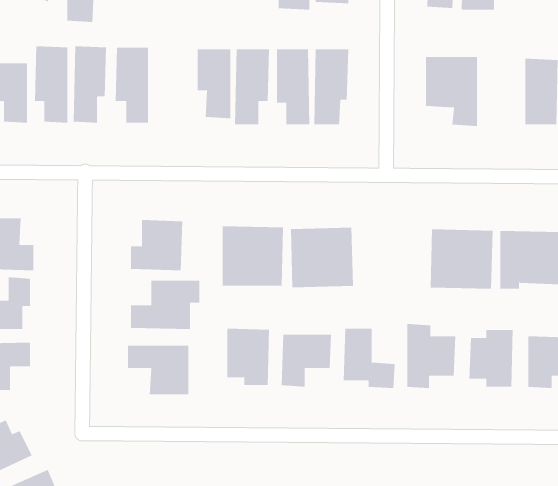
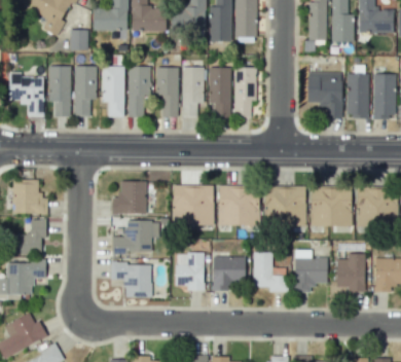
building: none -> [127,66,150,116]
building: none -> [345,73,369,117]
building: none -> [264,185,306,225]

